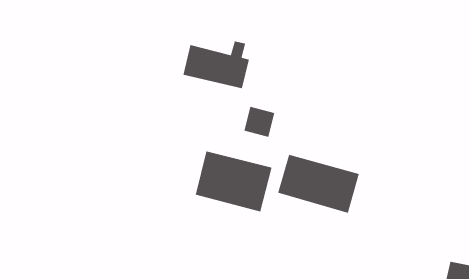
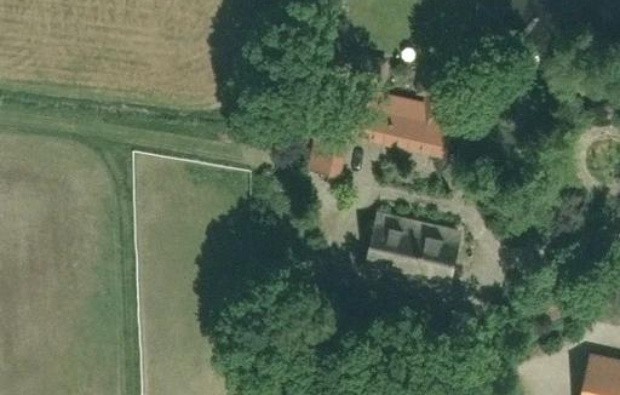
building: [182,40,250,89] -> [360,92,447,155]
building: [195,151,273,213] -> none

